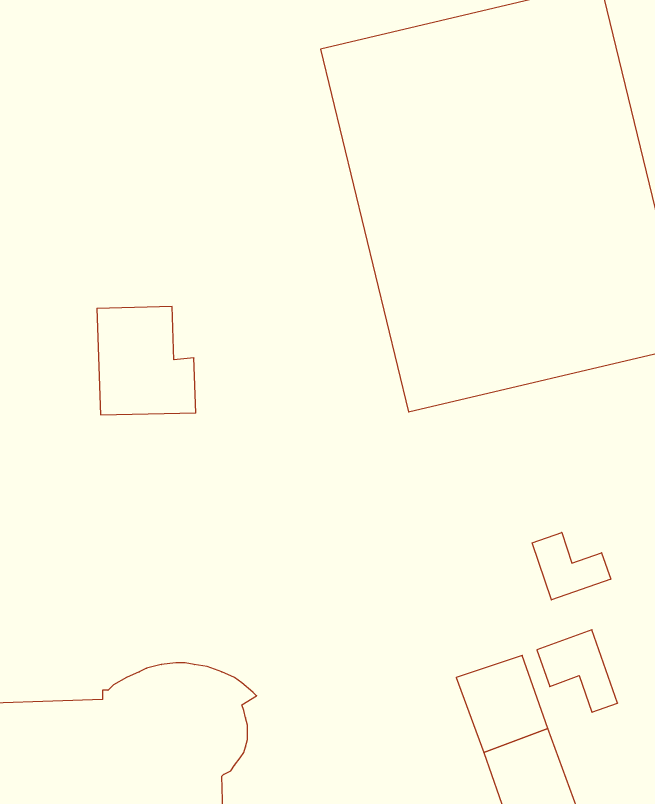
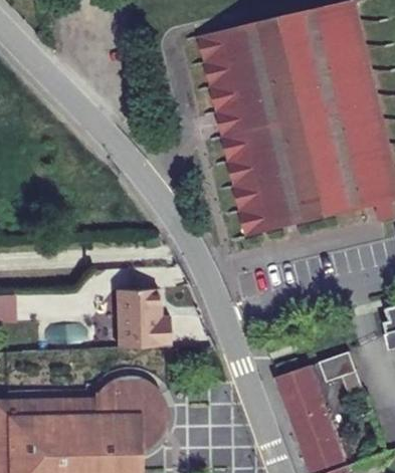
building: [97,307,196,415] -> [119,287,173,346]
building: [532,532,611,600] -> none

